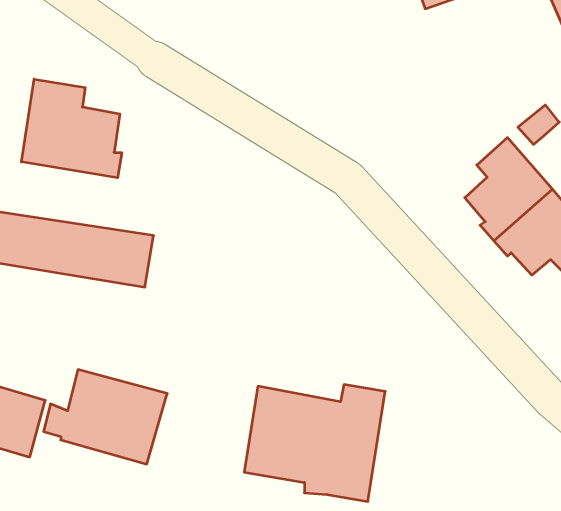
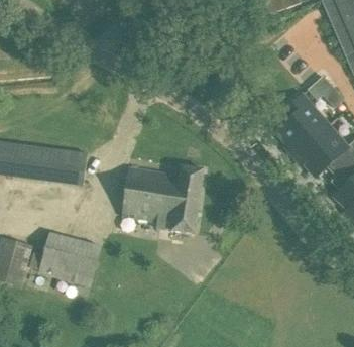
building: [21,79,122,178] -> none
building: [244,385,385,501] -> [121,164,204,233]

